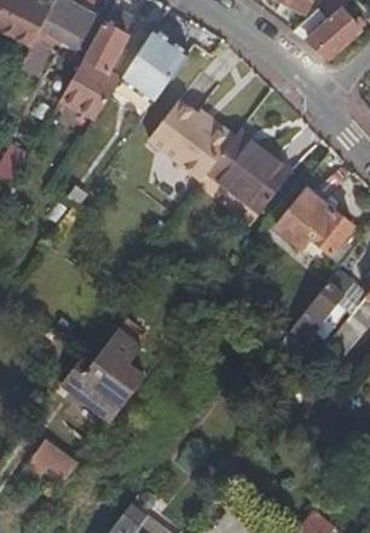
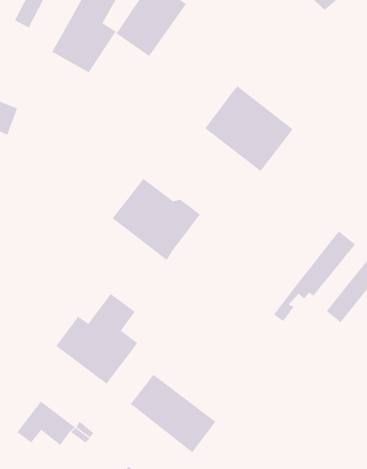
building: [148,103,233,183] -> [112,178,201,261]
building: [276,189,353,255] -> none
building: none -> [130,374,216,453]

